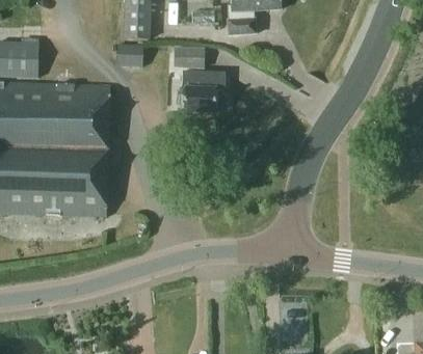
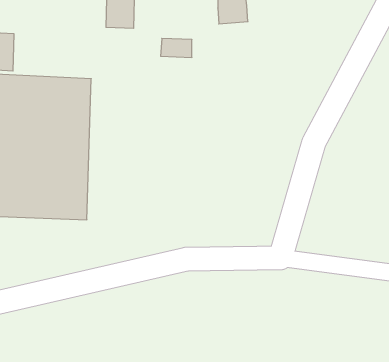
building: [116,44,142,66] -> none
building: [183,70,226,111] -> none

